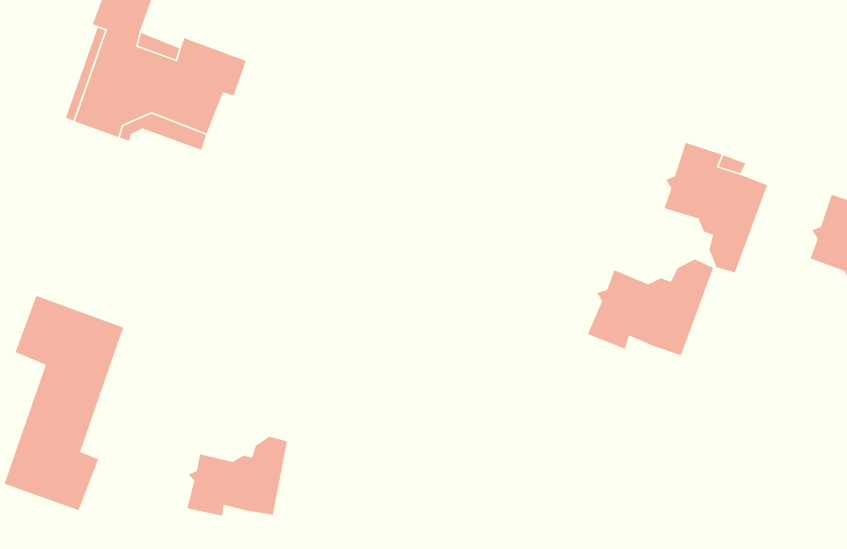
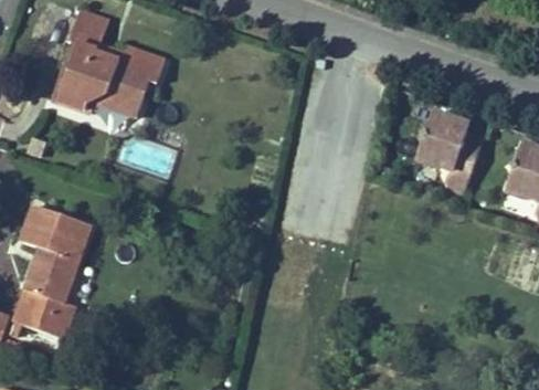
building: [587,258,714,356] -> none
building: [186,436,288,517] -> none

